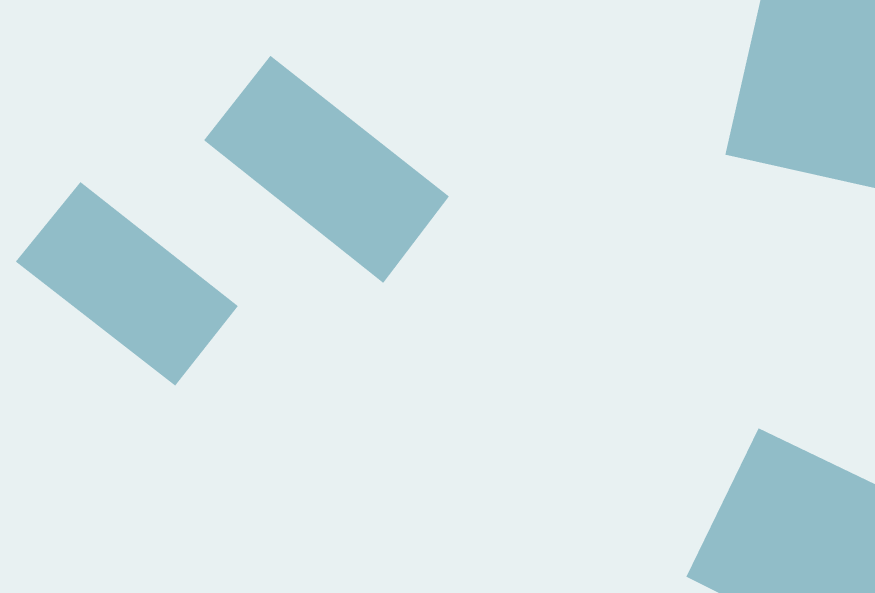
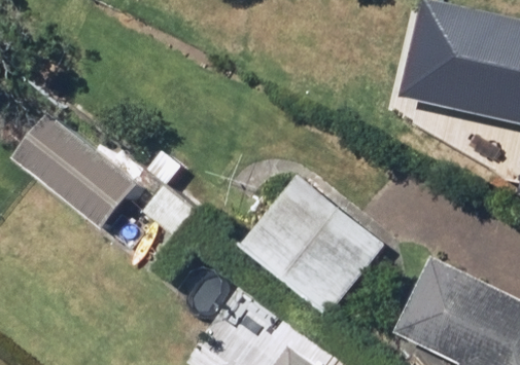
building: [203,55,450,284] -> none
building: none -> [231,166,385,318]

